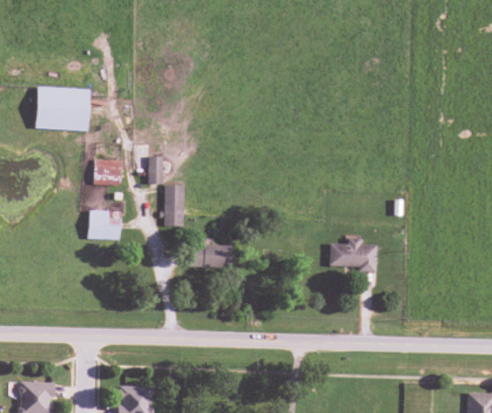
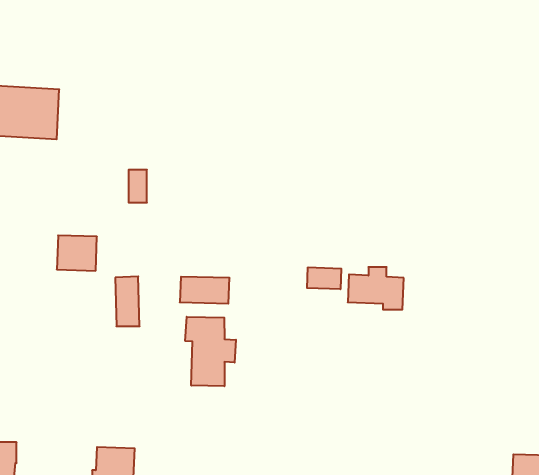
building: [94,159,121,185] -> none
building: [164,184,184,225] -> [115,276,140,326]
building: none -> [307,267,341,289]
building: none -> [185,317,236,386]

